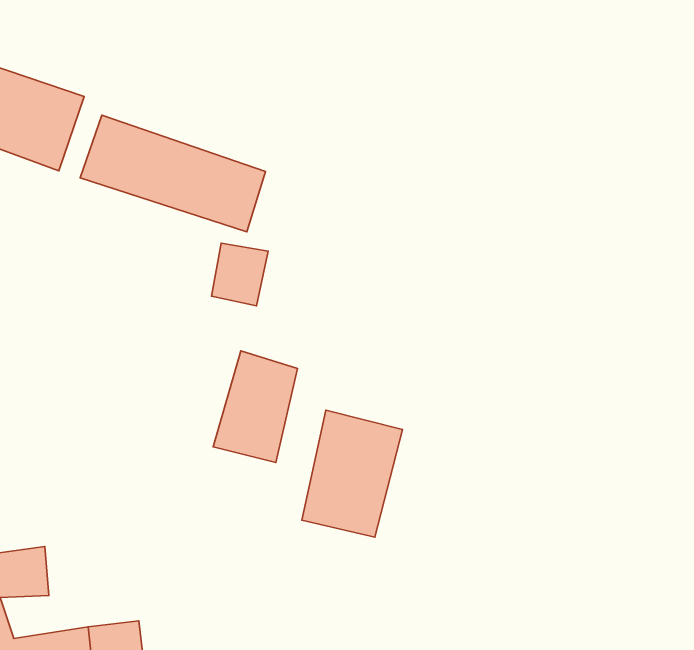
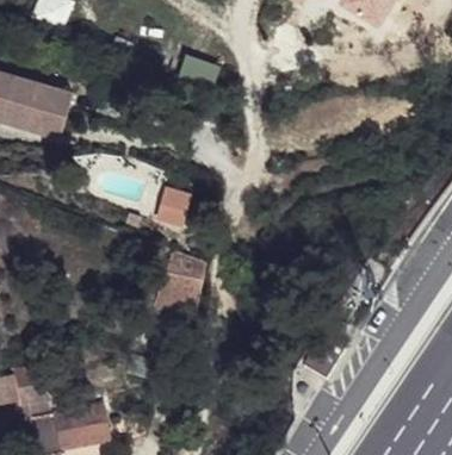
building: [80,115,266,232] -> none
building: [302,410,402,537] -> none

